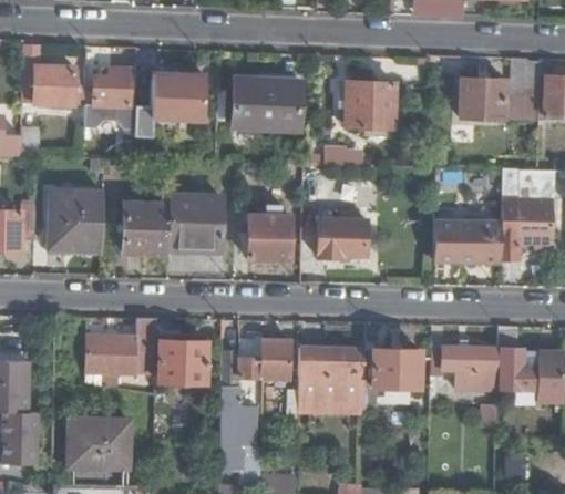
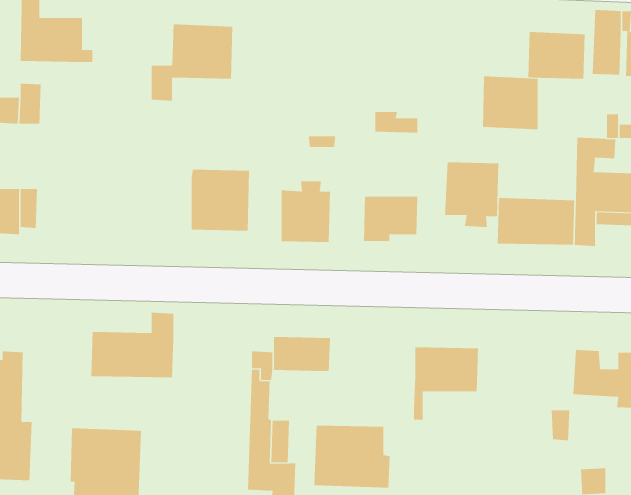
building: [84,69,135,128] -> none
building: [235,79,304,127] -> none
building: [346,81,394,127] -> [482,76,539,130]
building: none -> [444,162,499,228]
building: [49,193,103,248] -> none
building: [124,203,170,254] -> none
building: [155,333,206,383] -> none
building: [428,347,499,412] -> none
building: [296,348,362,402] -> [313,425,391,488]

